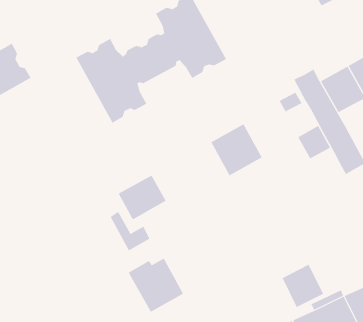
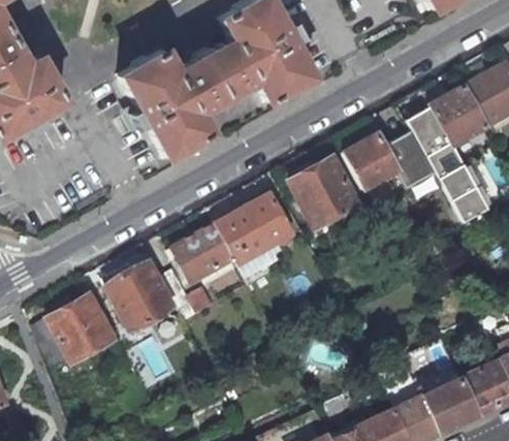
building: none -> [346,133,401,189]
building: none -> [219,192,296,263]
building: none -> [33,294,116,374]
building: [128,258,184,312] -> [104,260,176,329]
building: [282,264,324,308] -> none

